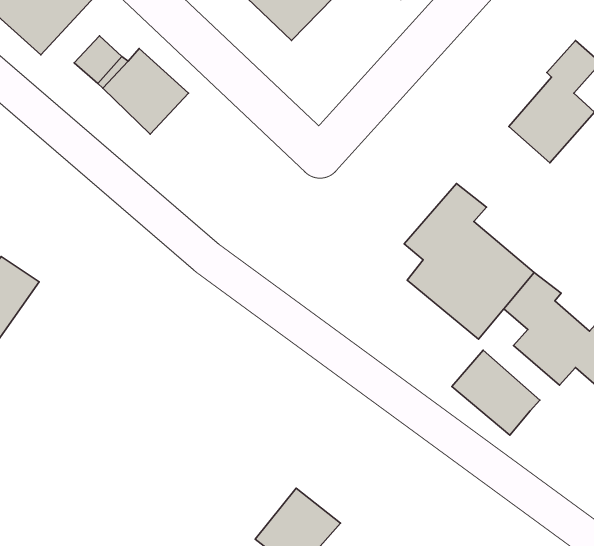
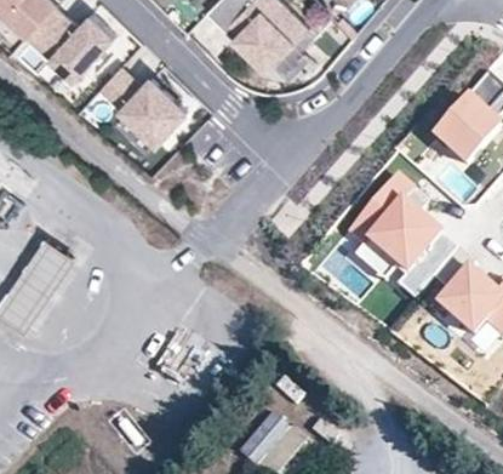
building: [452,350,540,435] -> none

